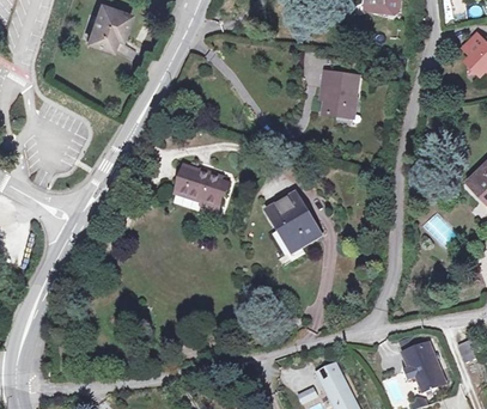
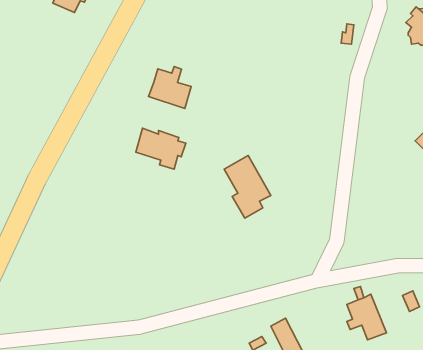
building: [325,71,361,117] -> none
building: none -> [148,67,191,109]

